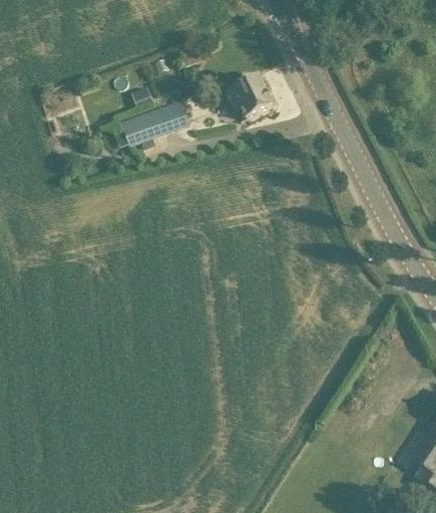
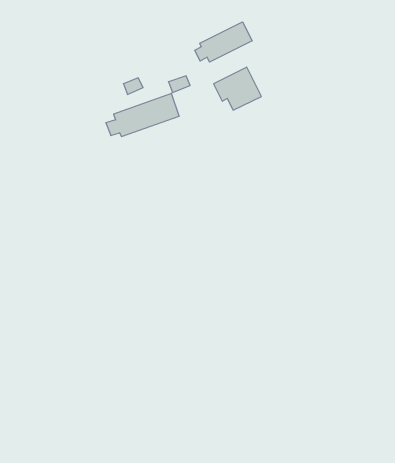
building: none -> [195,22,252,62]

